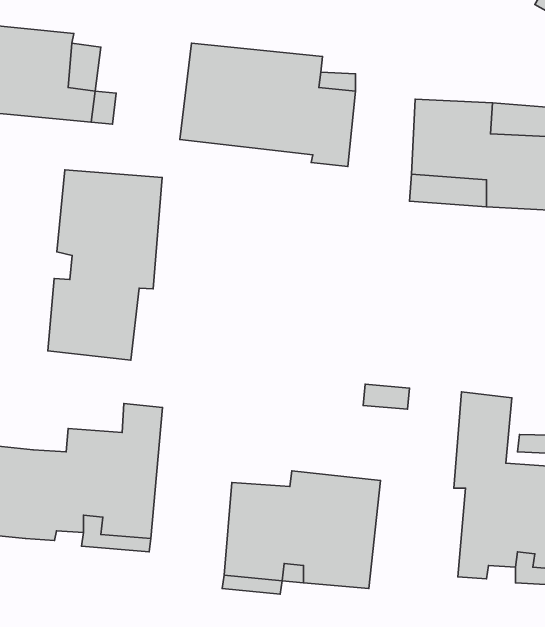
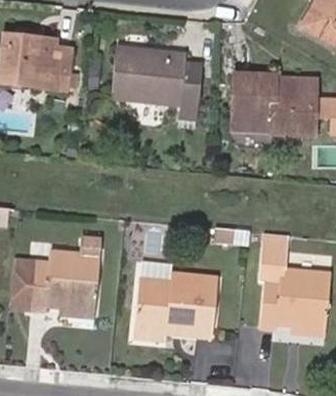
building: [48,170,162,360] -> none

